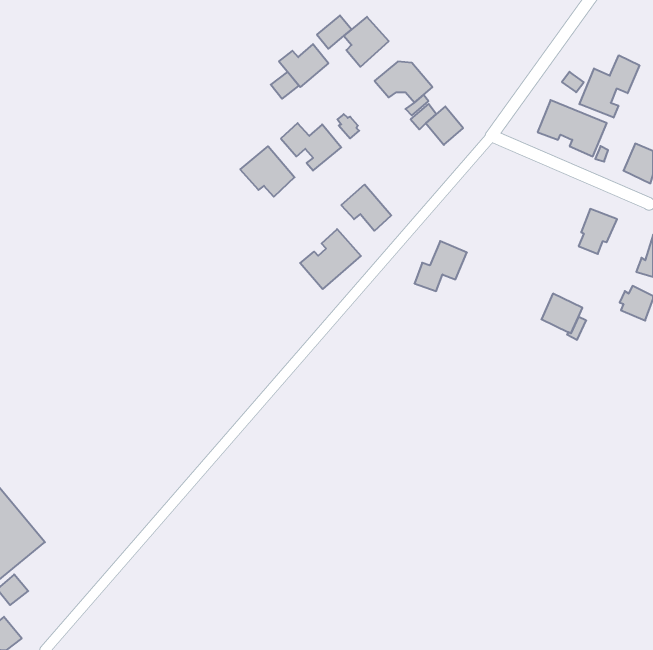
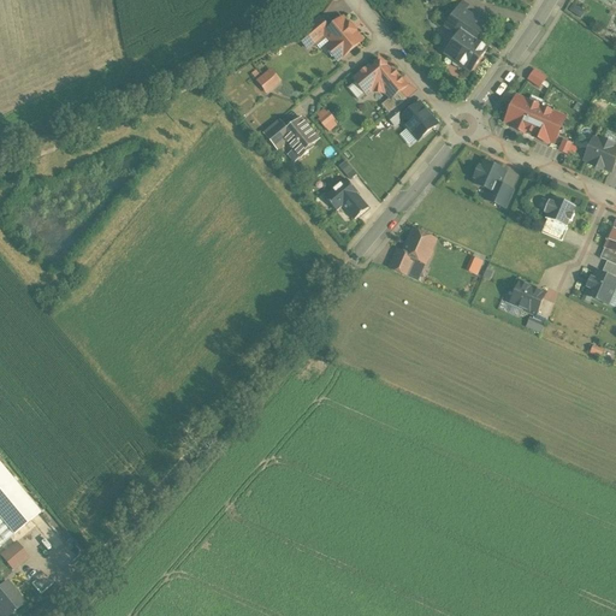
building: none -> [444,5,490,73]
building: [279,44,328,87] -> none
building: [579,55,639,118] -> none
building: [240,146,295,197] -> none
building: none -> [473,159,515,209]
building: [300,229,361,289] -> none

